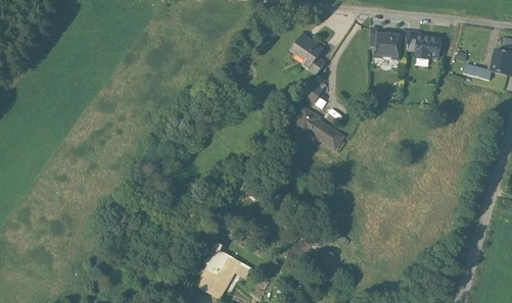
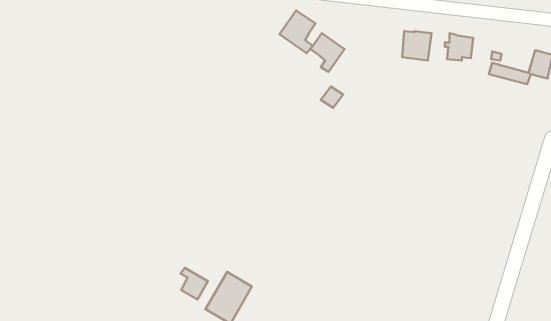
building: none -> [280,10,315,53]
building: [292,108,343,149] -> none
building: none -> [181,268,208,299]

